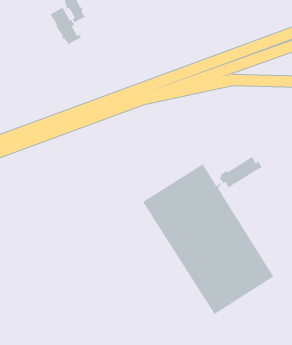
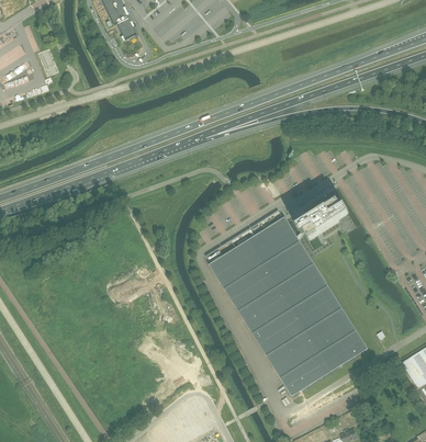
building: [50,7,82,45] -> none

